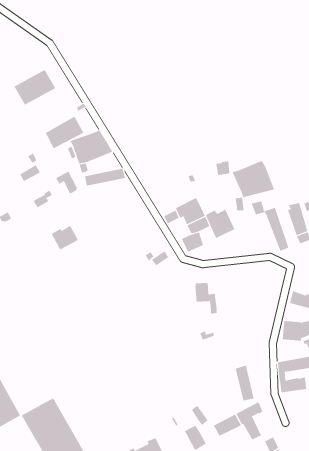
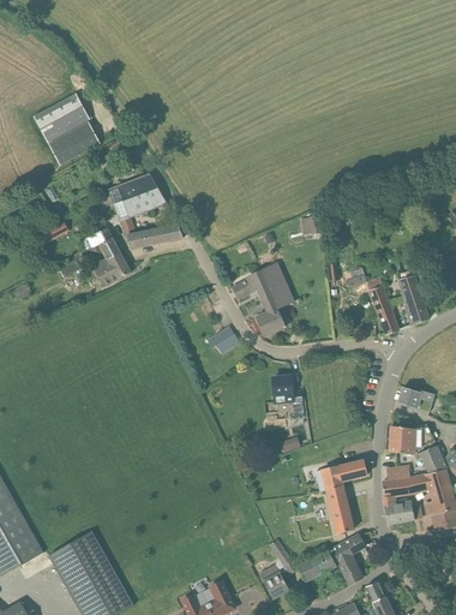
building: [45,116,84,149] -> [49,121,101,166]
building: [232,160,275,199] -> none
building: [205,209,235,239] -> none
building: [51,224,79,250] -> [94,251,131,286]
building: none -> [316,460,367,491]

